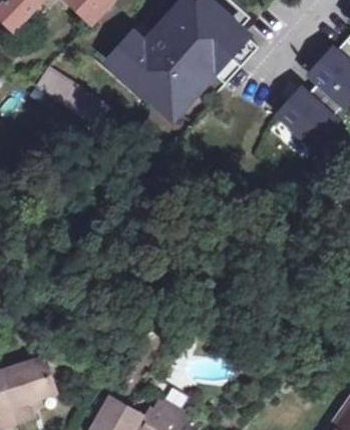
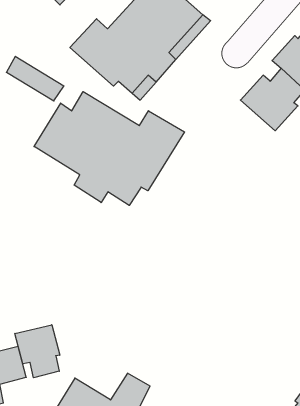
building: none -> [34,92,185,205]
building: none -> [15,325,60,378]

